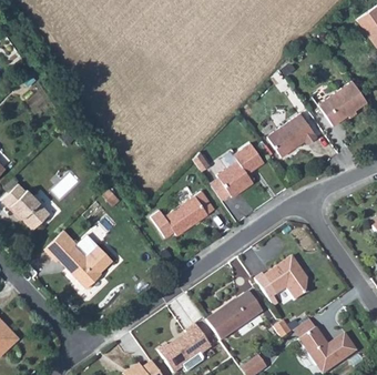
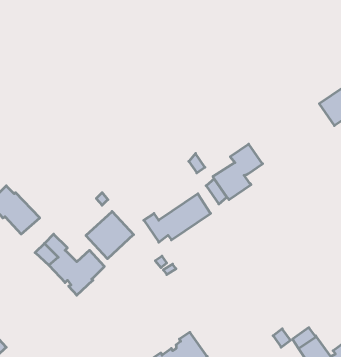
building: [267,112,317,155] -> none
building: none -> [86,211,134,259]
building: [254,255,307,303] -> none
building: [205,291,262,339] -> none

